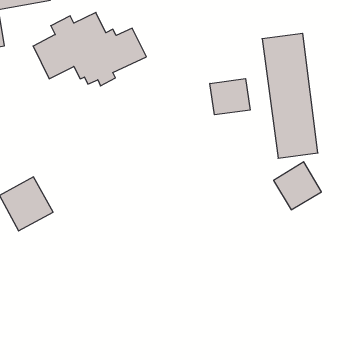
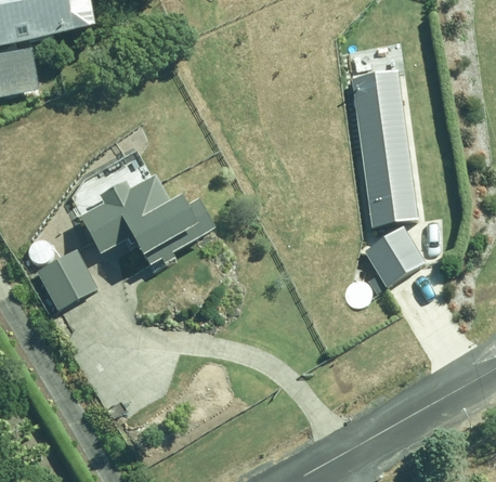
building: [33,12,146,86] -> [75,174,213,264]
building: [210,79,250,115] -> none

